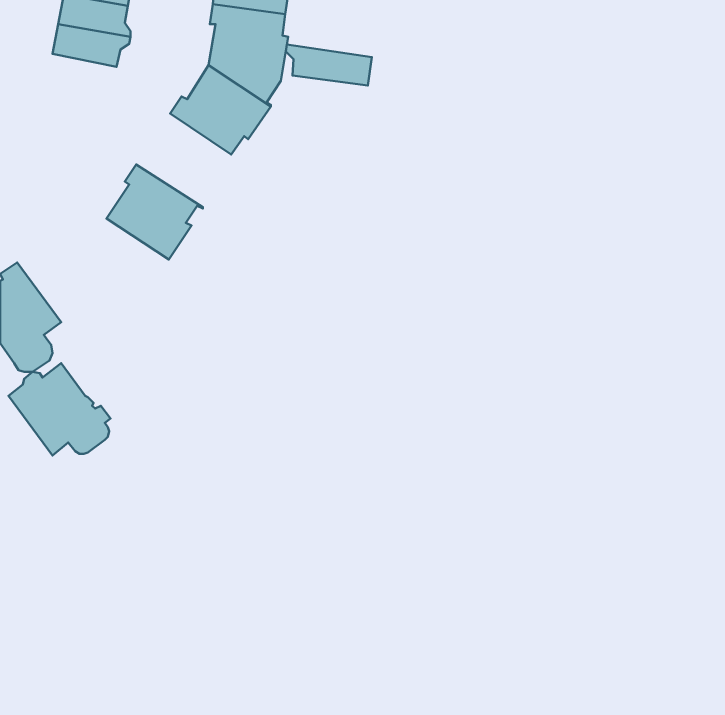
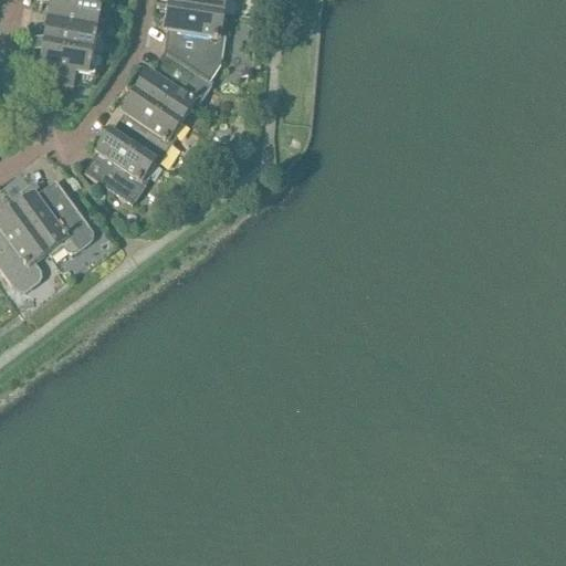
building: [286,45,372,85] -> none
building: none -> [36,42,93,86]
building: none -> [106,88,180,161]
building: [9,363,111,455] -> [13,179,93,251]

